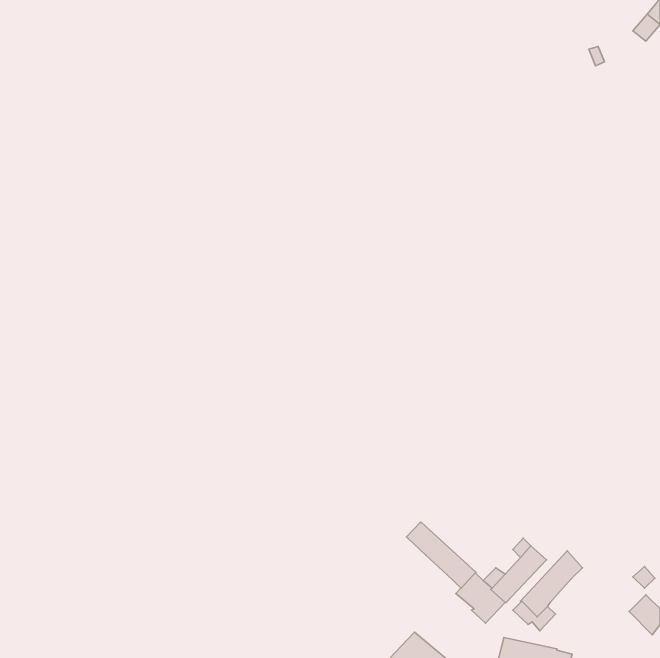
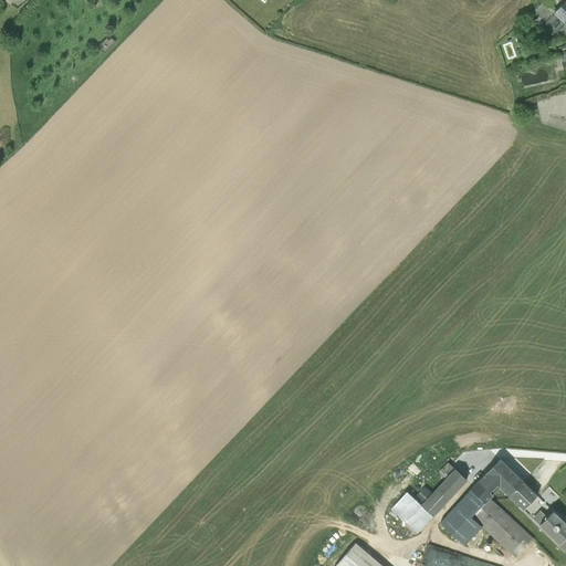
building: [406,522,476,588] -> none
building: none -> [485,459,537,511]
building: none -> [471,497,533,557]

